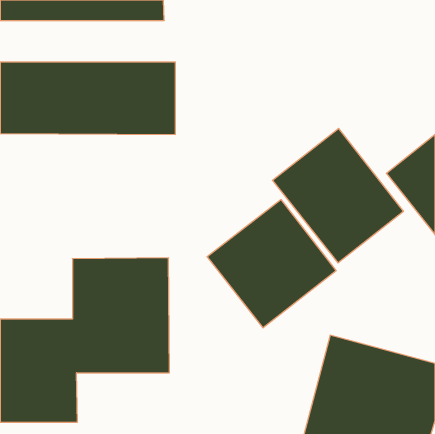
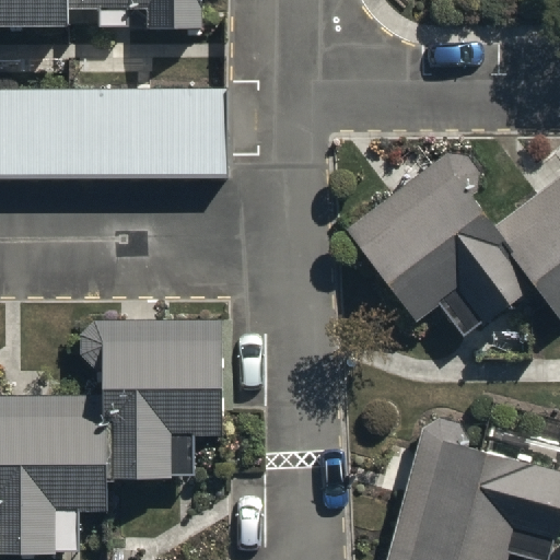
building: [207,200,336,328] -> none

